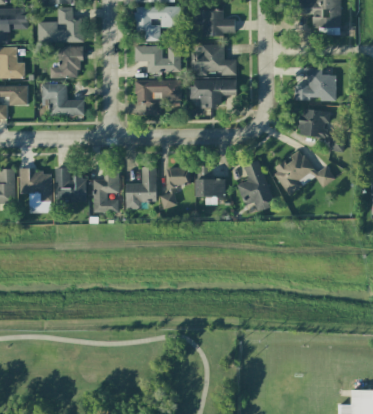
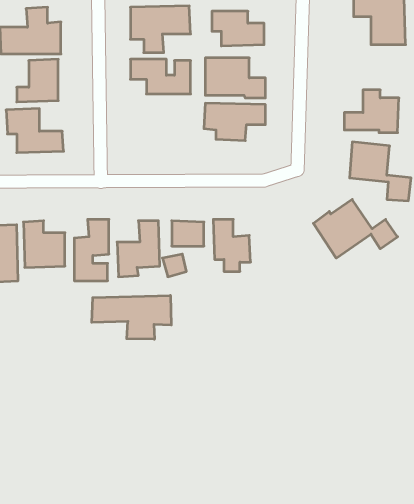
building: [135,80,181,115] -> none
building: [237,160,273,210] -> none
building: none -> [92,295,171,339]

